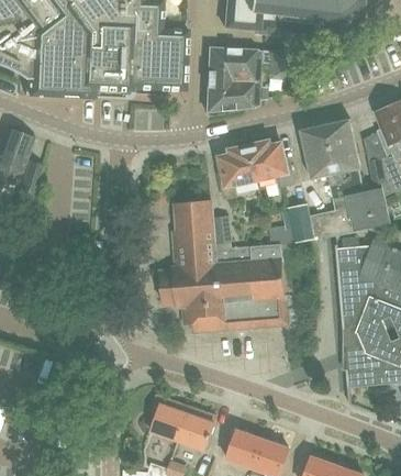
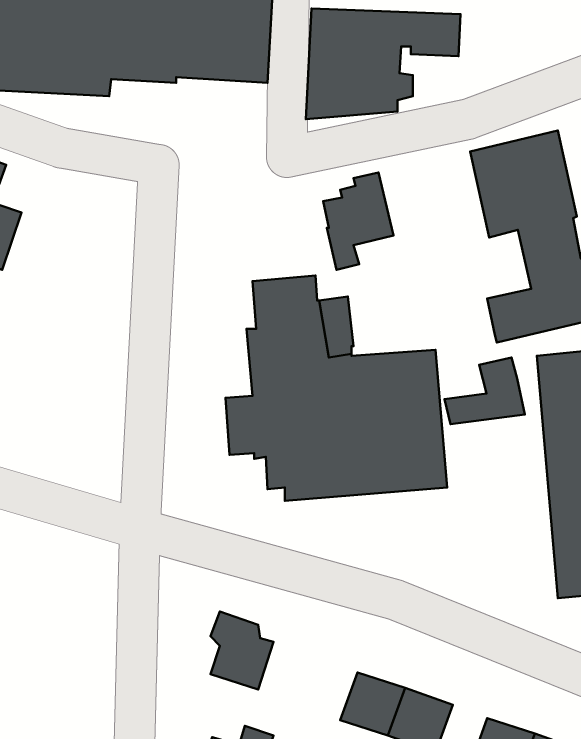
building: [247,140,294,186] -> none
building: [268,203,314,242] -> [445,357,525,424]
building: [178,410,215,451] -> none

